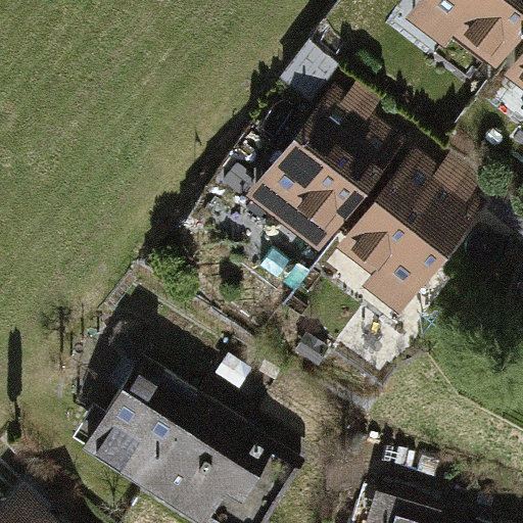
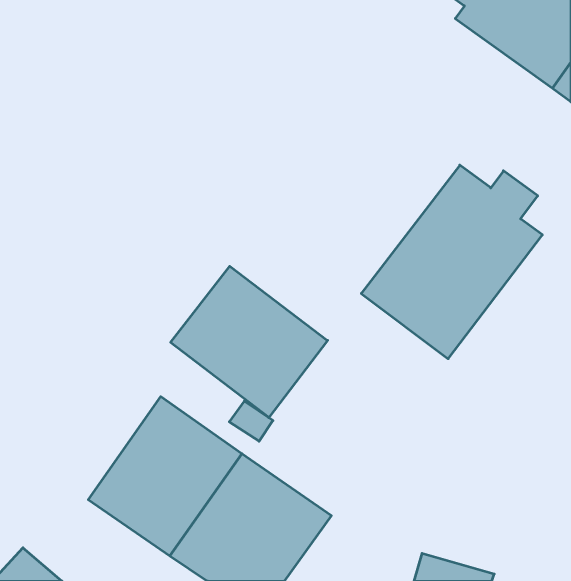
building: [243,84,410,262] -> none
building: none -> [171,266,328,418]

